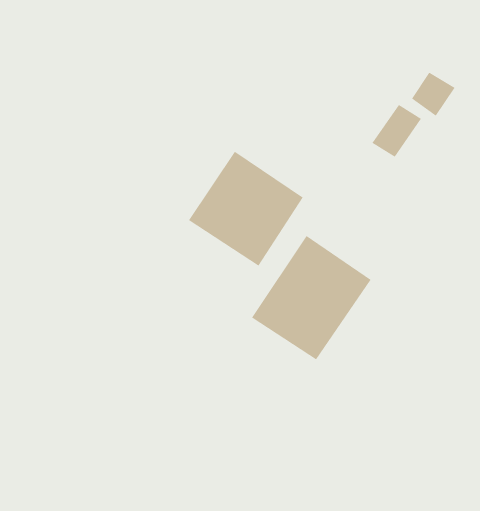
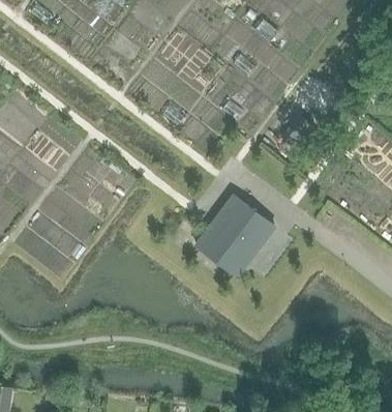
building: [188,151,304,267] -> none

